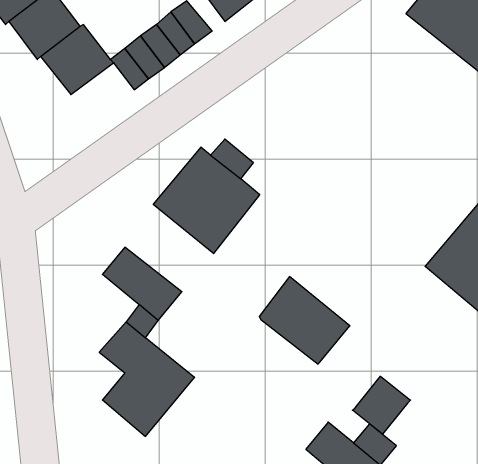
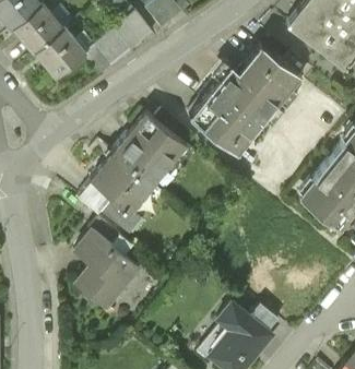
building: none -> [187,44,301,153]
building: [259,277,350,364] -> [92,154,154,214]
building: [352,376,411,434] -> none

